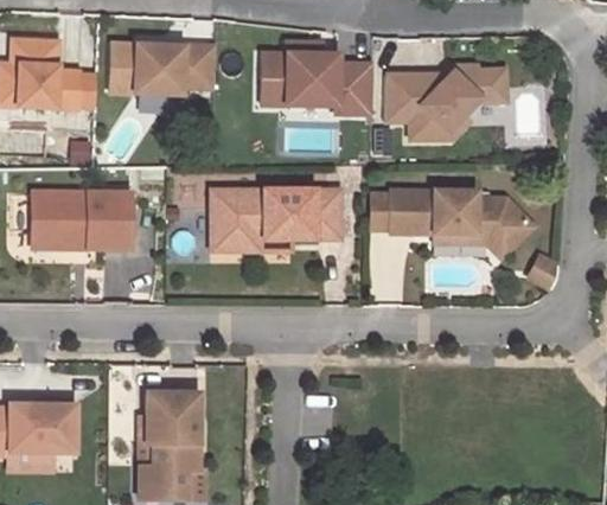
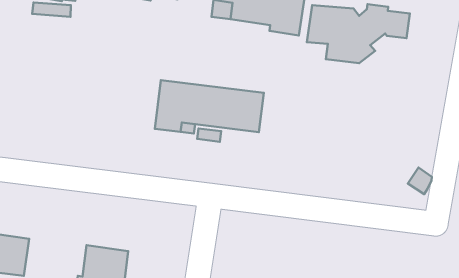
building: [30,191,129,249] -> none
building: [389,191,533,257] -> none

